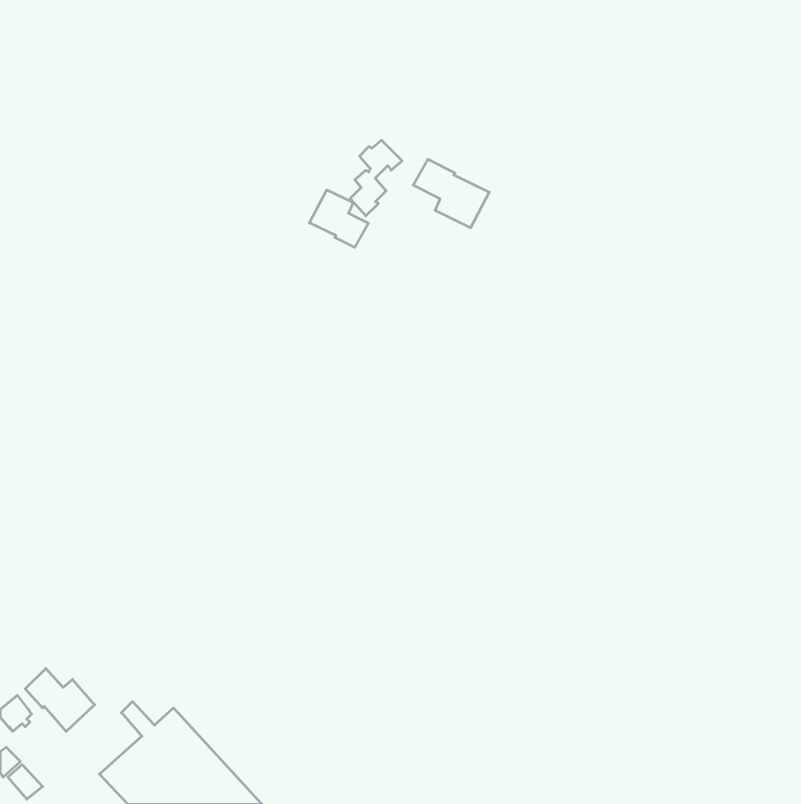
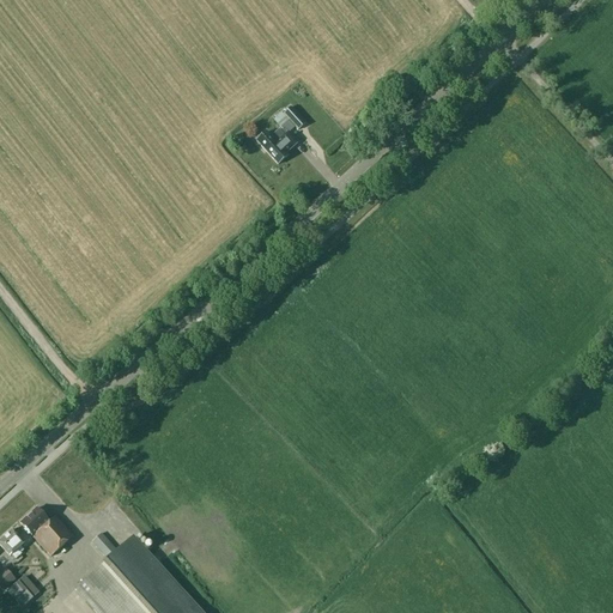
building: [413,159,489,228] -> none
building: [309,190,368,247] -> none

